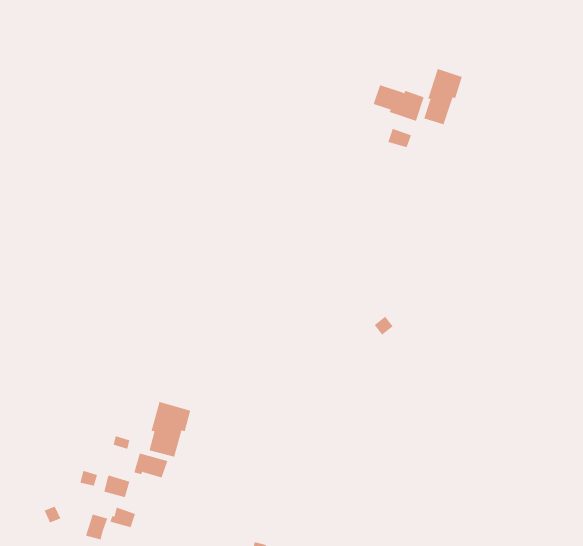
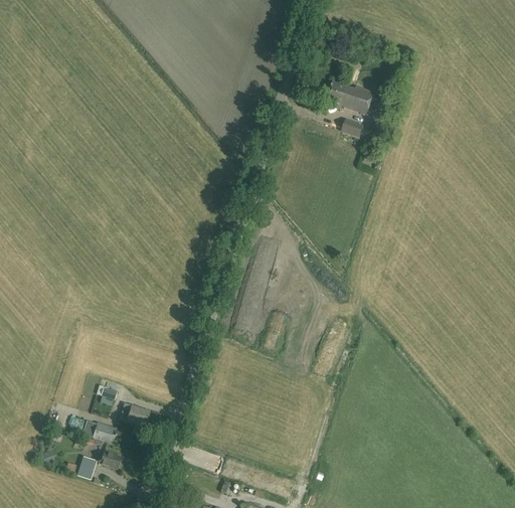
building: [424,68,463,125] -> none
building: [149,401,191,458] -> none

